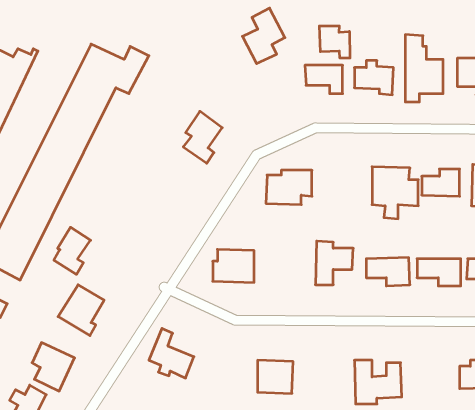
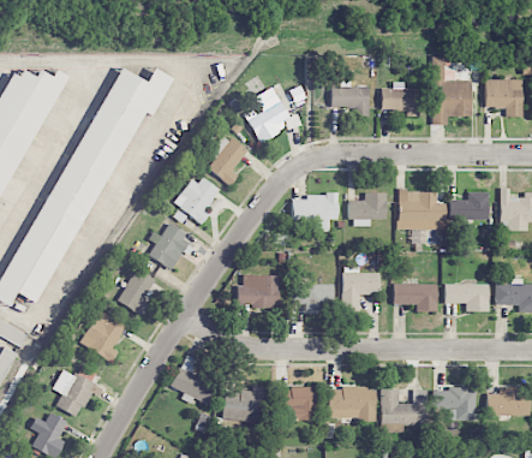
building: [242,8,285,64] -> [246,87,289,143]
building: [319,26,350,58] -> none
building: none -> [174,174,219,224]
building: none -> [351,192,388,226]
building: none -> [149,222,191,269]
building: [54,227,91,274] -> [119,267,156,315]
building: none -> [300,284,334,310]
building: none -> [223,386,270,421]
building: none -> [328,387,377,420]
building: none -> [436,388,477,420]

